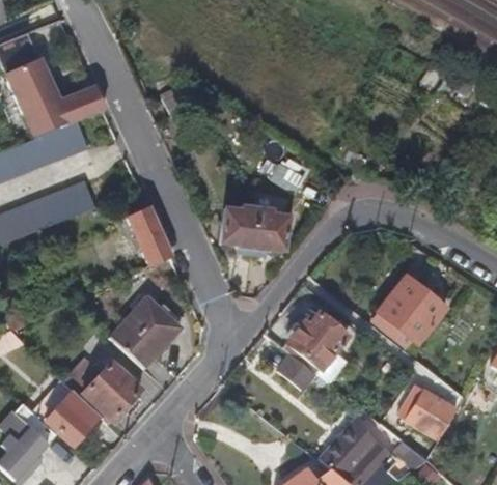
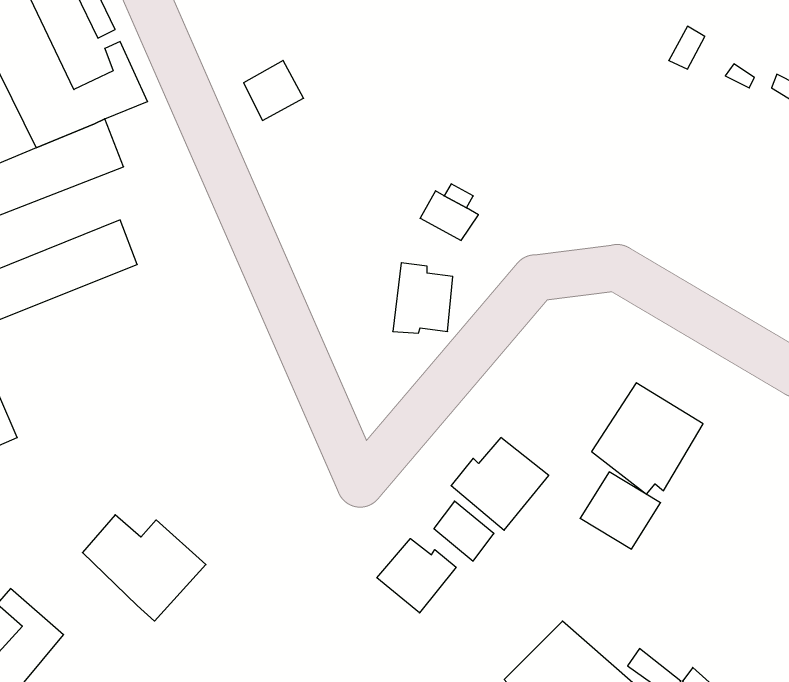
building: [125,197,173,266] -> none
building: [221,204,258,248] -> none
building: [110,295,181,368] -> none
building: none -> [377,539,456,613]
building: [33,377,99,445] -> none
building: [406,391,454,437] -> [580,472,661,549]

